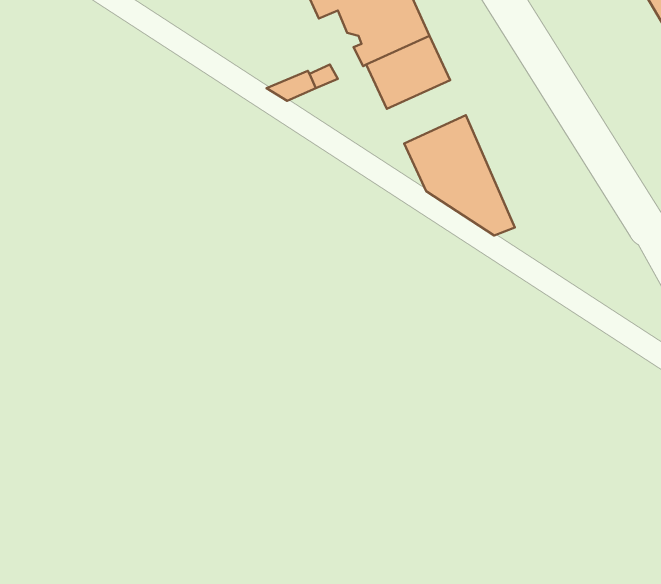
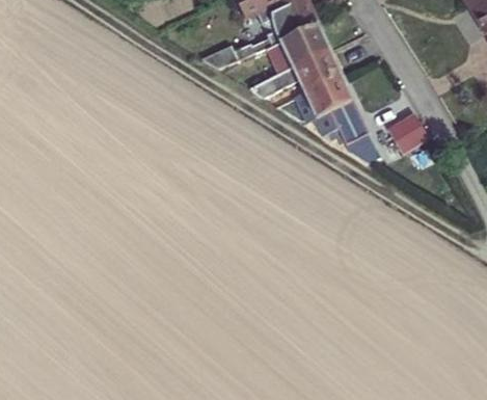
building: none -> [291,53,343,95]
building: none -> [390,113,433,152]

